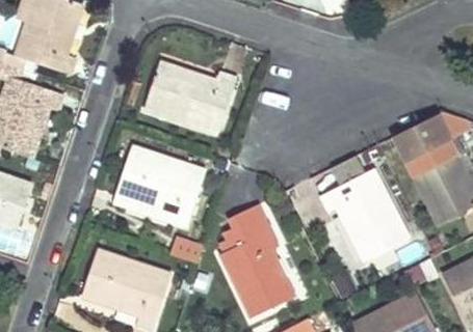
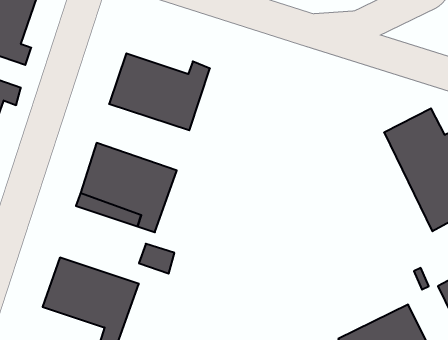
building: [320,169,410,259] -> none
building: [219,204,292,319] -> none

